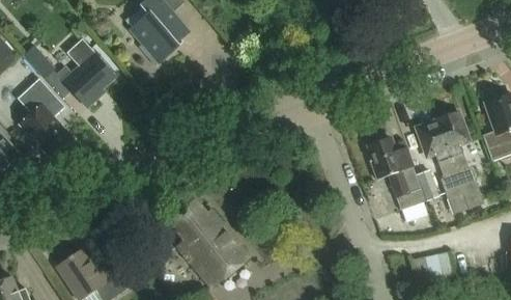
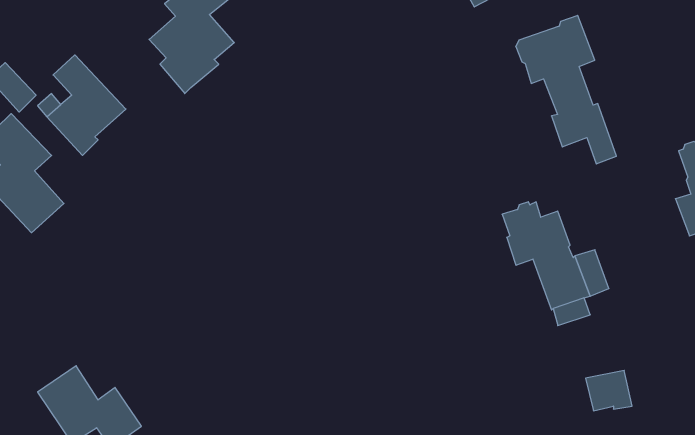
building: [416,111,483,211] -> [516,15,616,164]
building: [167,198,249,290] -> none

